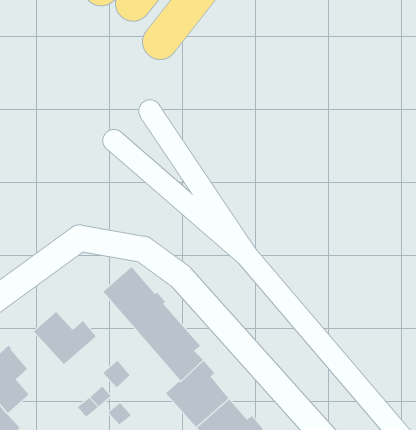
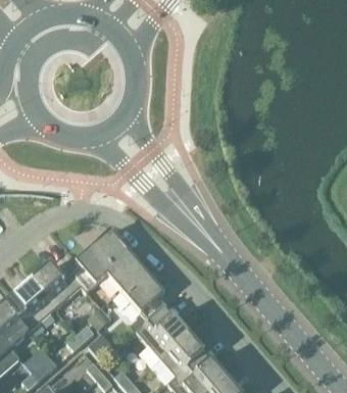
building: none -> [70,247,107,289]
building: none -> [13,279,55,329]

